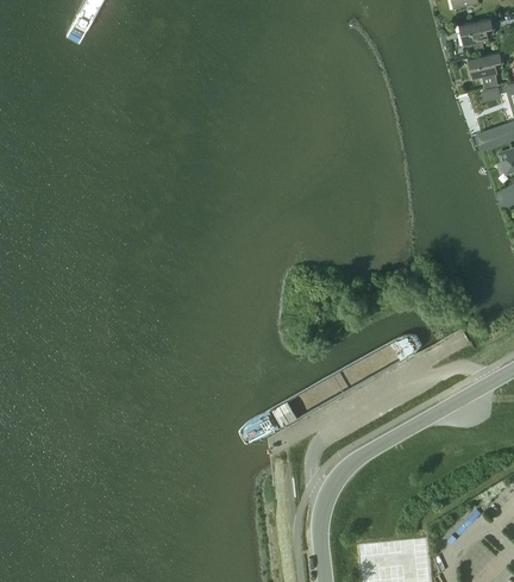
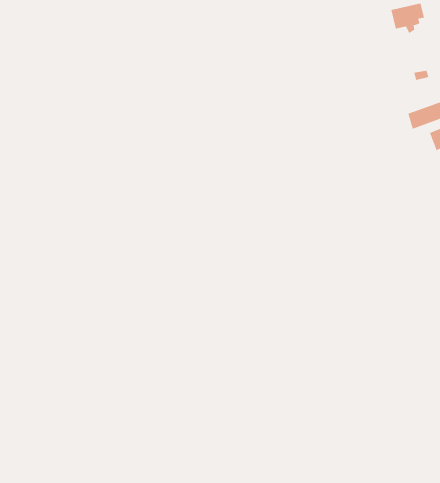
building: [468,52,503,80] -> none

